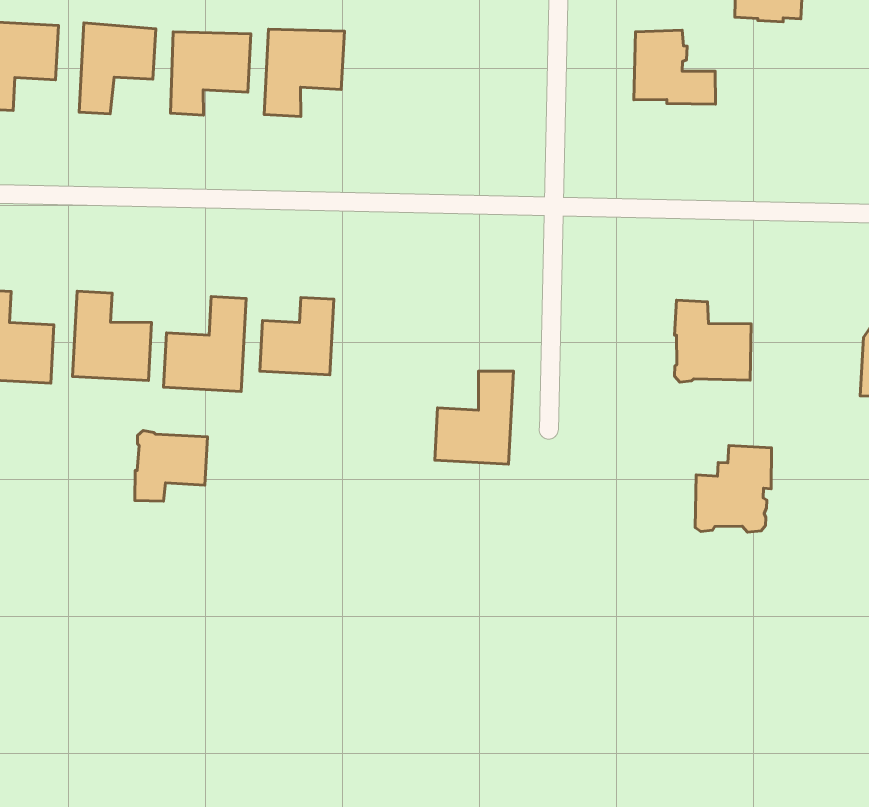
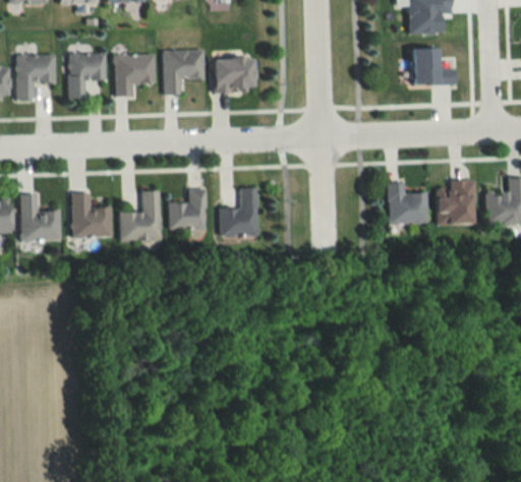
building: [634,30,715,104] -> [411,44,455,82]
building: none -> [217,57,256,91]
building: [435,371,514,464] -> [221,187,259,236]
building: [135,431,207,501] -> none
building: [695,446,772,532] -> [436,179,475,225]

